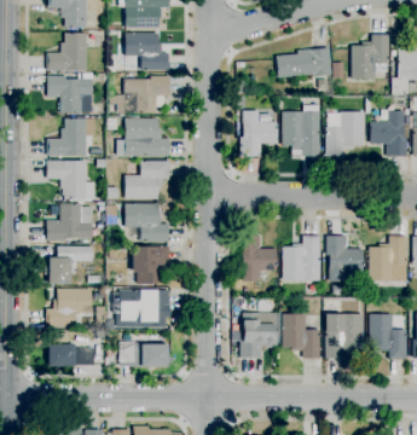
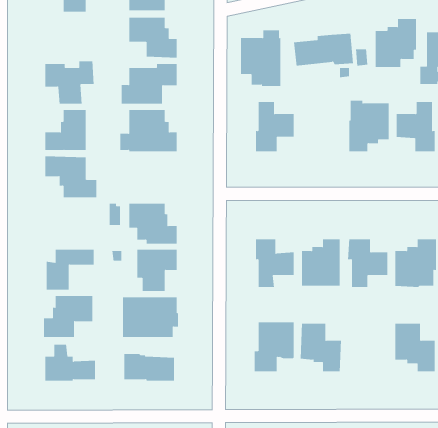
building: [47,34,87,71] -> none
building: [283,105,320,157] -> [240,30,281,86]
building: [124,162,169,199] -> none
building: [47,204,93,242] -> none
building: [325,308,363,359] -> none

